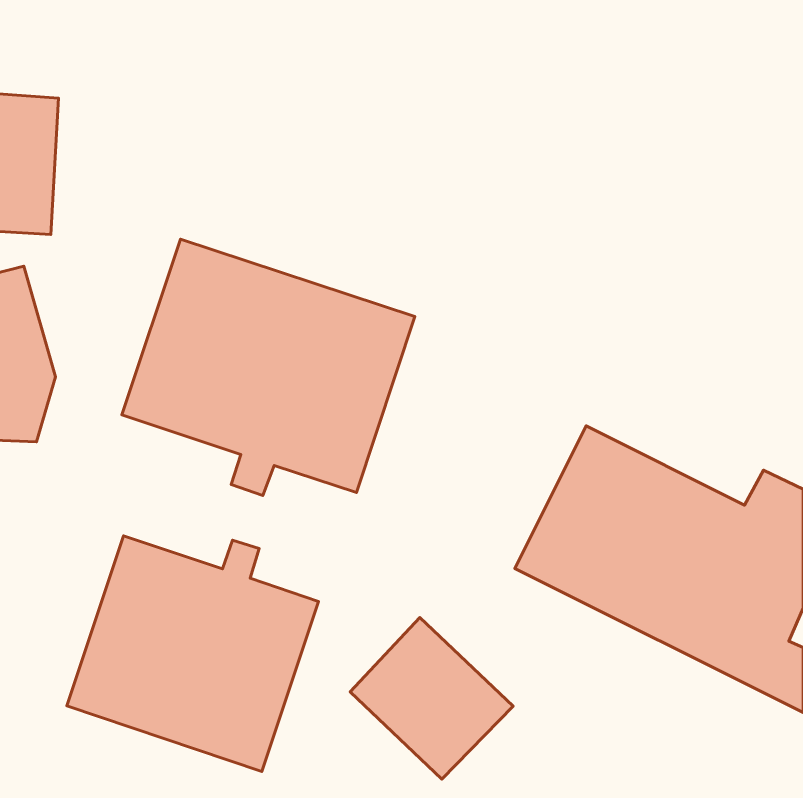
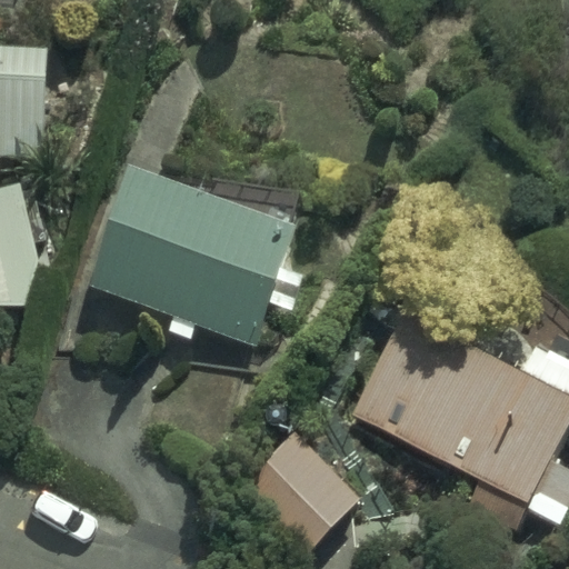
building: [67,536,319,771] -> none

